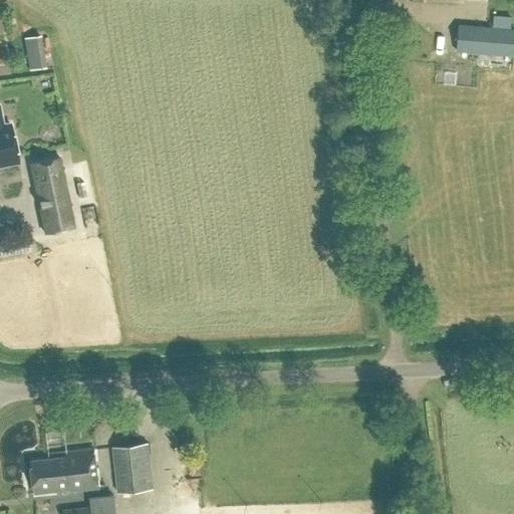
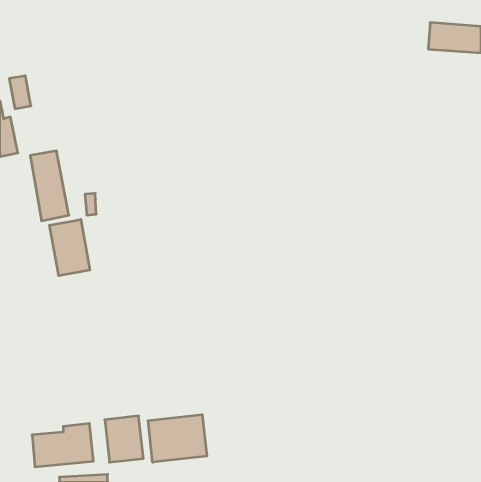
building: [21,35,44,70] -> [9,76,31,109]
building: none -> [50,219,90,276]
building: none -> [148,415,207,462]

